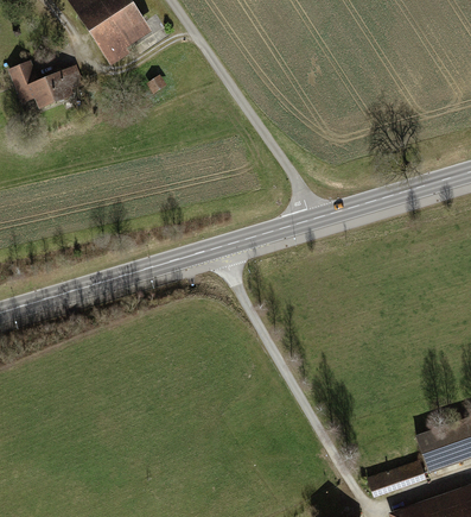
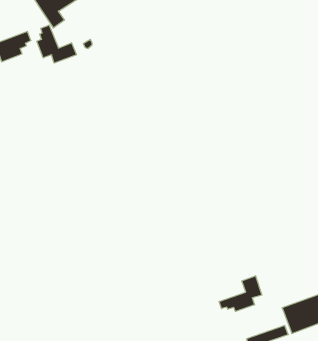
building: none -> [37,25,77,63]
building: none -> [219,276,262,311]

